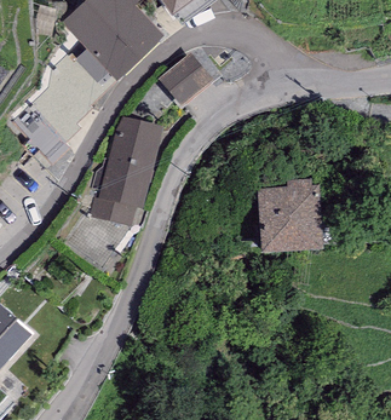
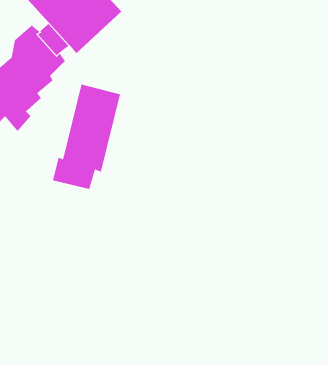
building: [159,54,211,105] -> none
building: [257,179,322,253] -> none

